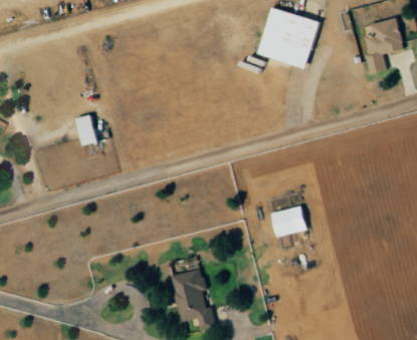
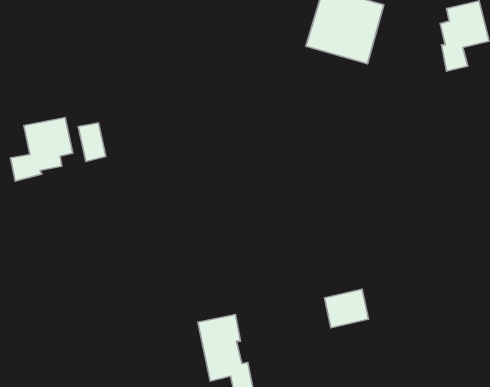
building: none -> [10,118,73,181]
building: [271,206,306,237] -> [325,289,369,328]

